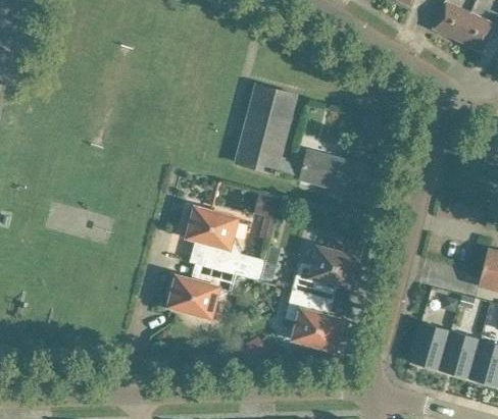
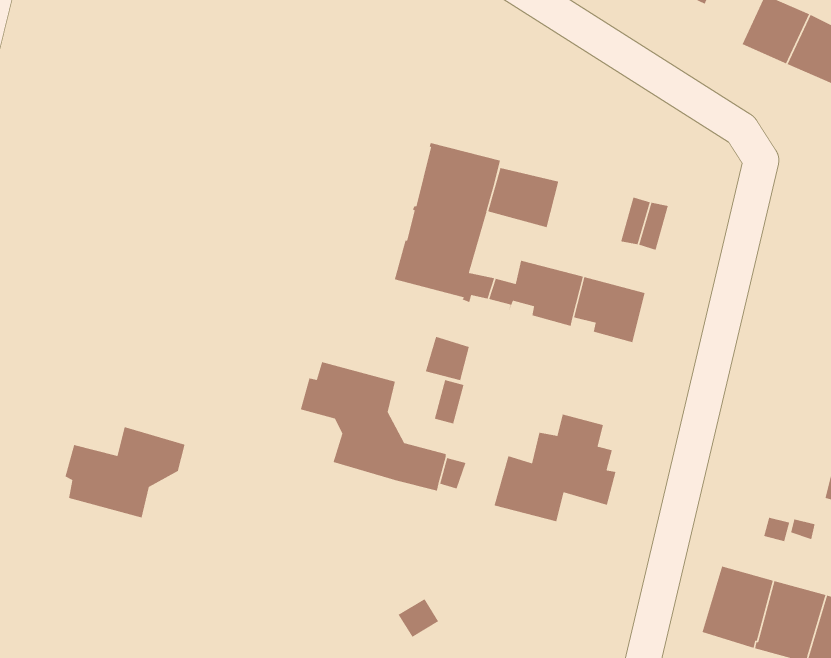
building: none -> [487,167,559,228]
building: [167,265,236,317] -> [64,426,186,518]
building: [285,290,348,350] -> none

